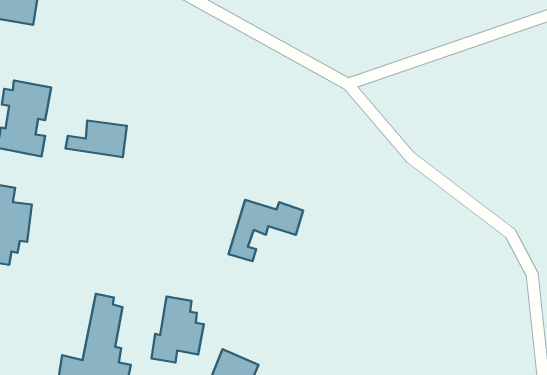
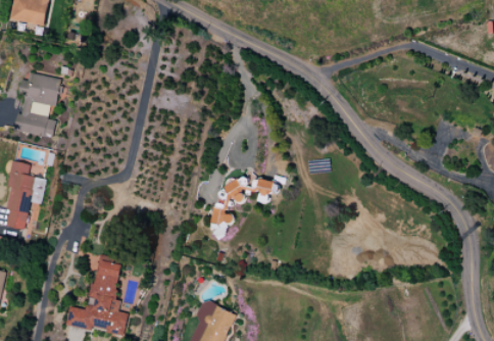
building: [66,121,127,157] -> none
building: [151,297,204,362] -> none

